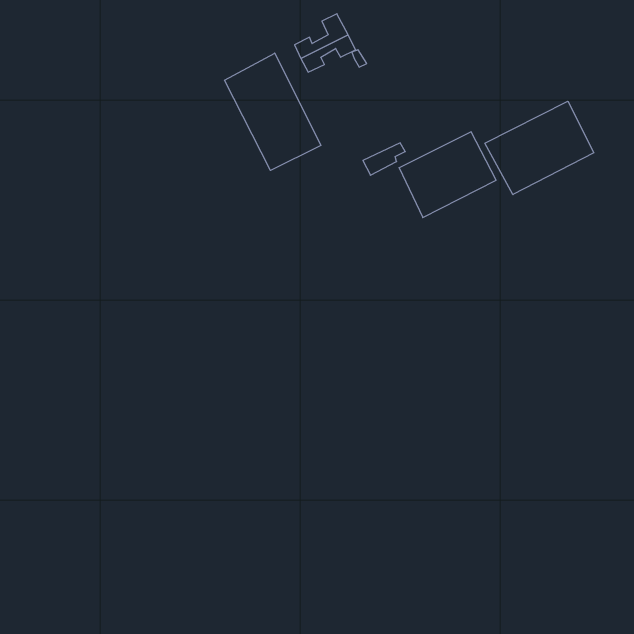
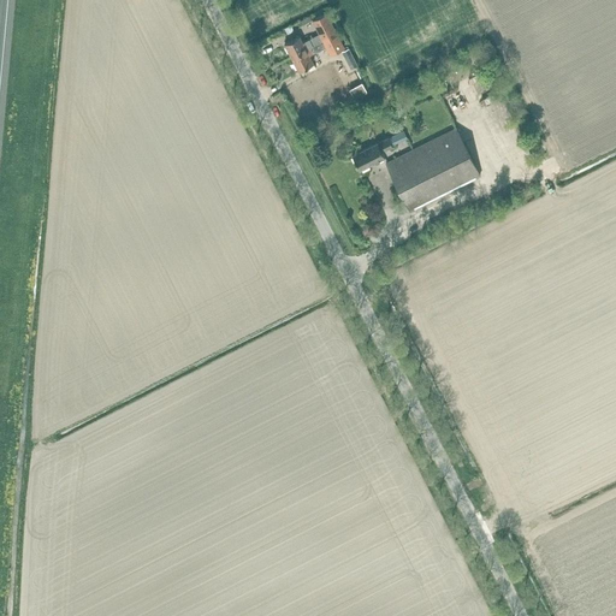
building: [225,53,321,170] -> none
building: [485,101,594,195] -> none

